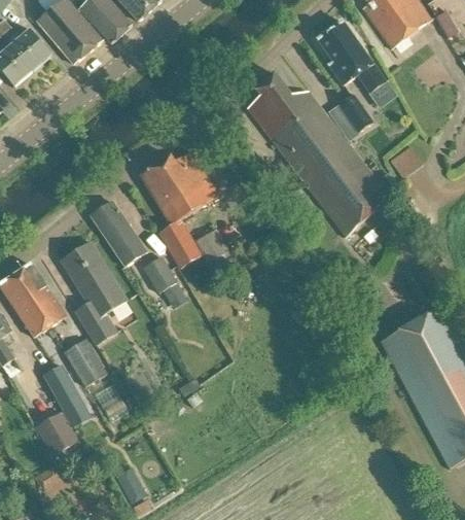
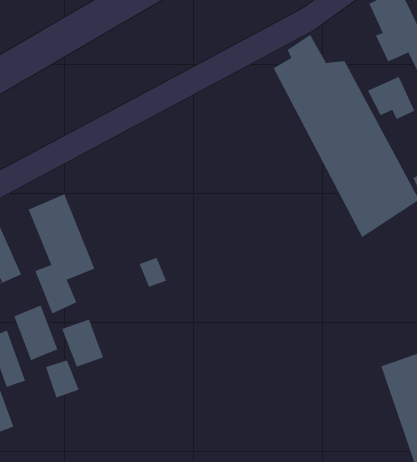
building: [139,150,226,267] -> none
building: [91,201,146,266] -> none
building: [143,256,176,291] -> none
building: none -> [62,319,104,368]

